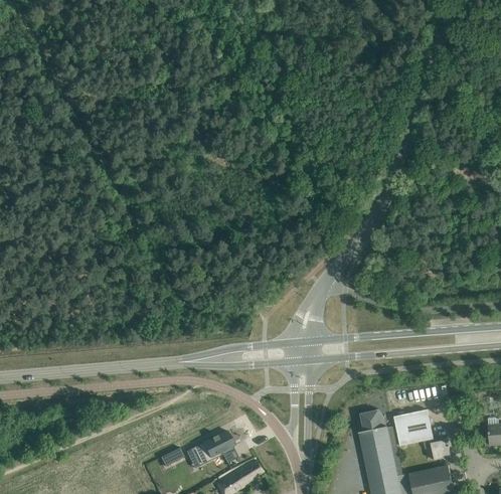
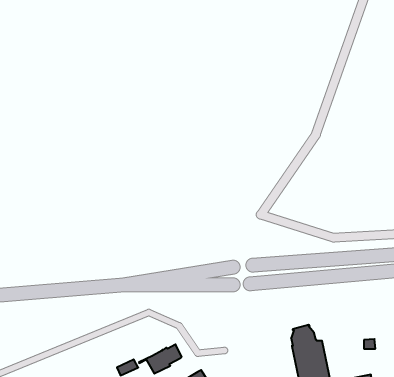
building: [393,409,450,461] -> none

